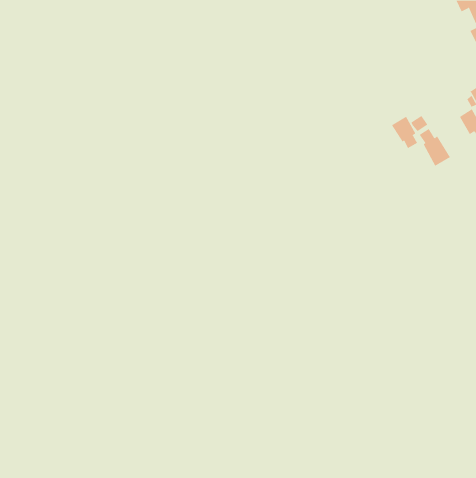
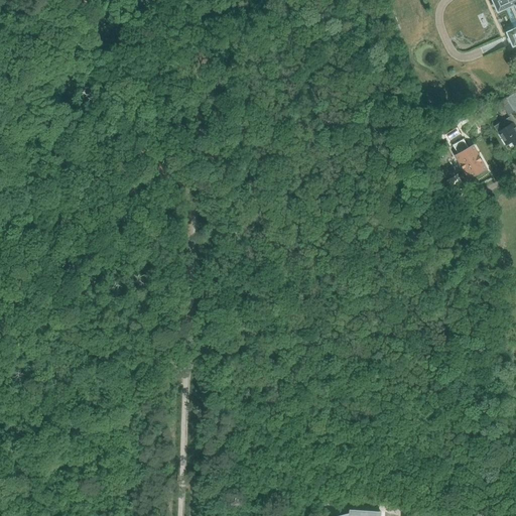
building: [391,116,418,149] -> none

